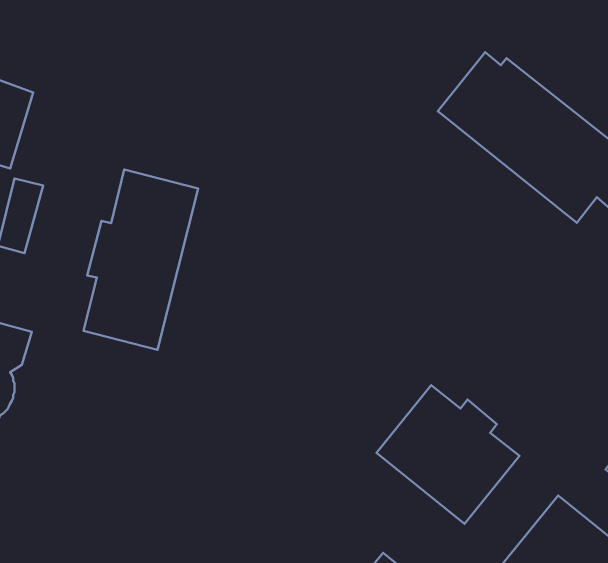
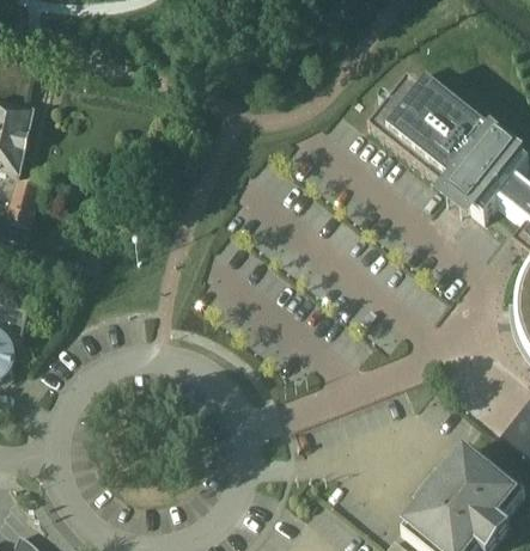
building: [83,170,198,350] -> none
building: [376,385,519,524] -> none

